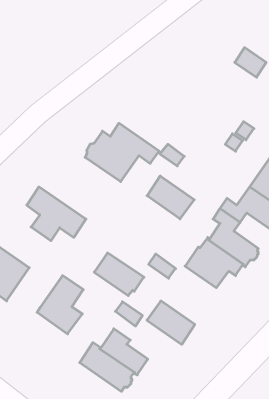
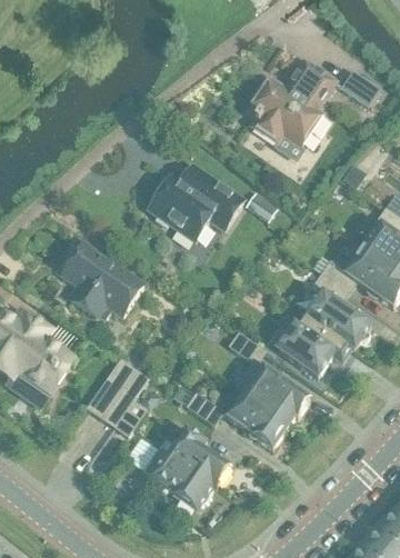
building: none -> [240,71,329,157]
building: [147,176,194,219] -> none
building: [94,253,144,296] -> [244,368,308,422]

